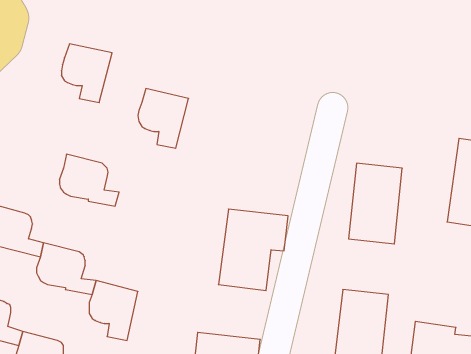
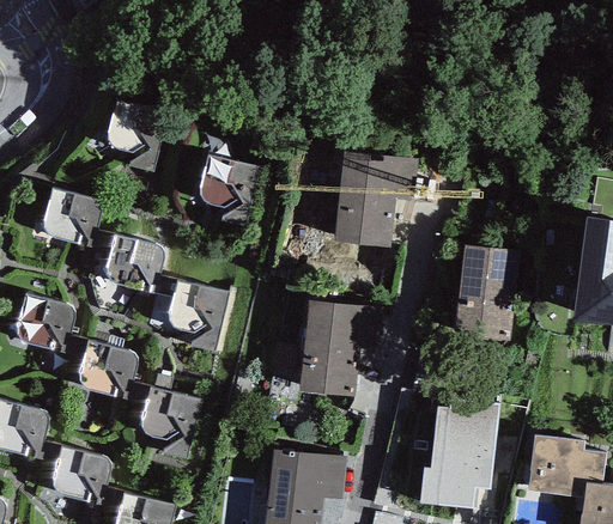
building: none -> [333,150,417,246]
building: none -> [43,187,114,250]
building: none -> [168,279,229,351]

